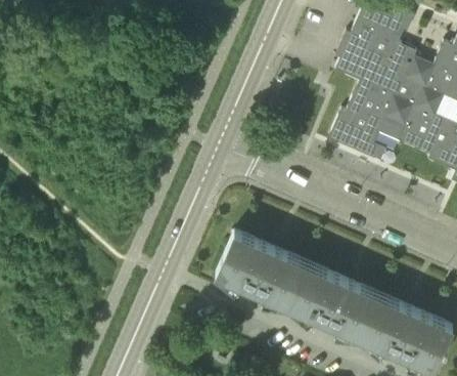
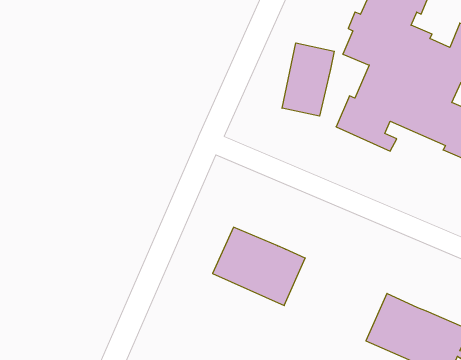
building: none -> [282,43,334,116]
building: [282,259,377,336] -> none

